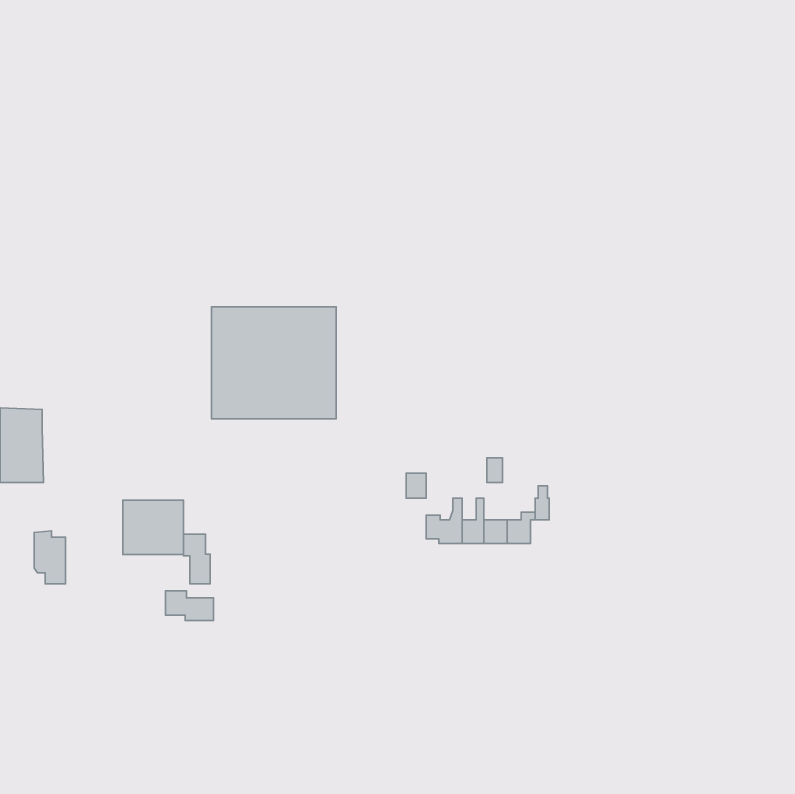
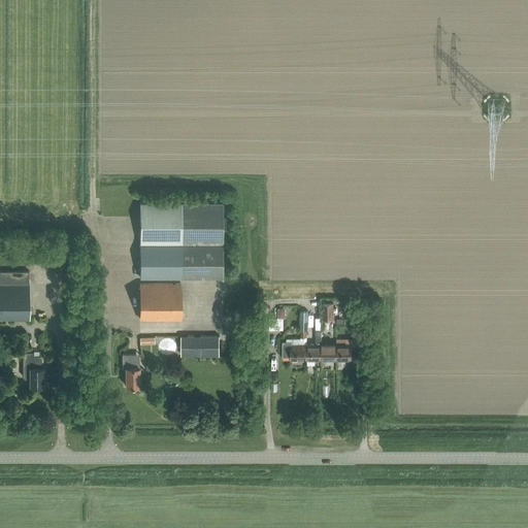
building: [123,500,184,555] -> [140,285,180,321]
building: none -> [180,336,220,358]
building: [166,591,214,620] -> none

